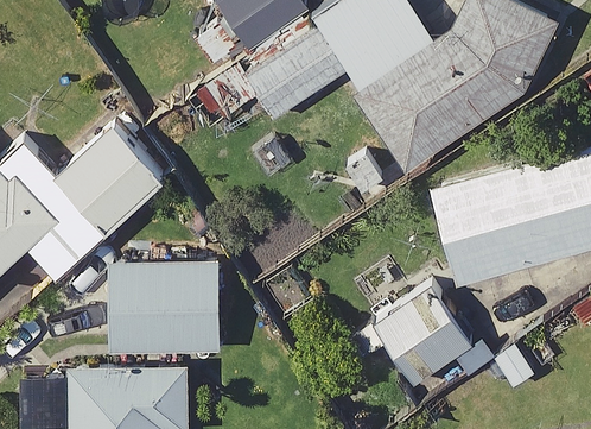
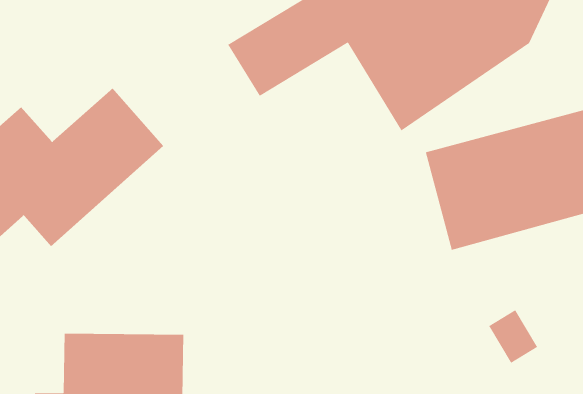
building: [110,263,220,351] -> none
building: [349,282,471,386] -> none

